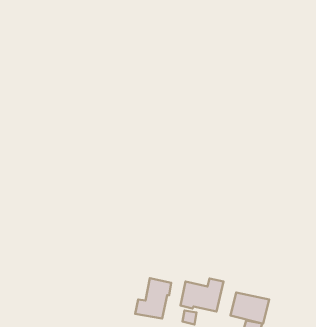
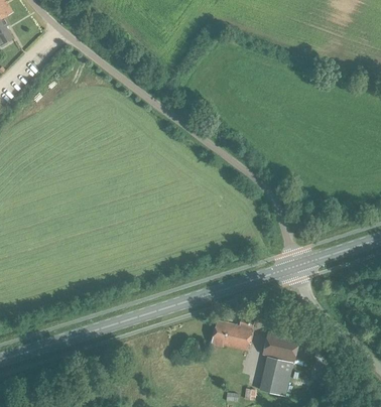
building: [135,278,171,319] -> none

